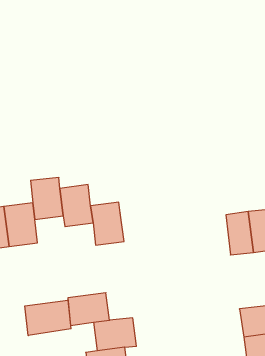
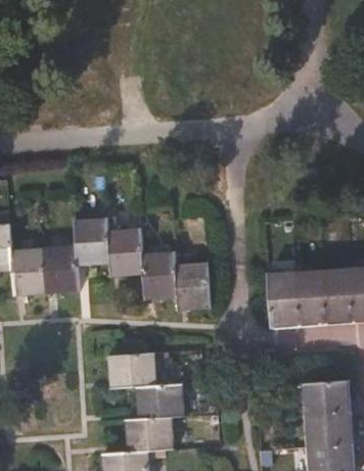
building: none -> [175,263,209,310]
building: none -> [269,274,298,322]
building: [25,300,71,336] -> none

